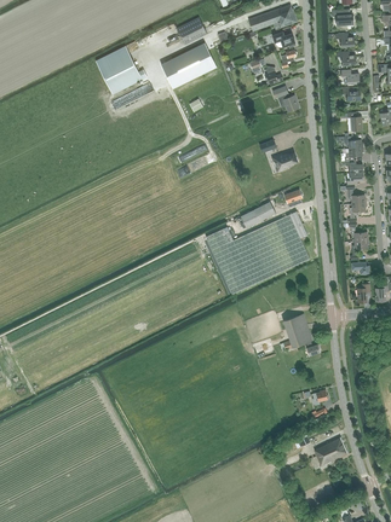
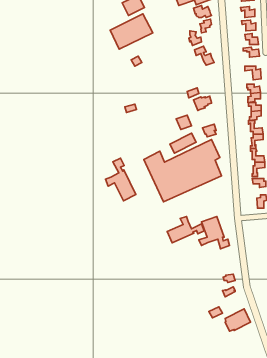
building: [97,46,148,92] -> none
building: none -> [105,158,136,201]
building: none -> [167,217,204,243]

